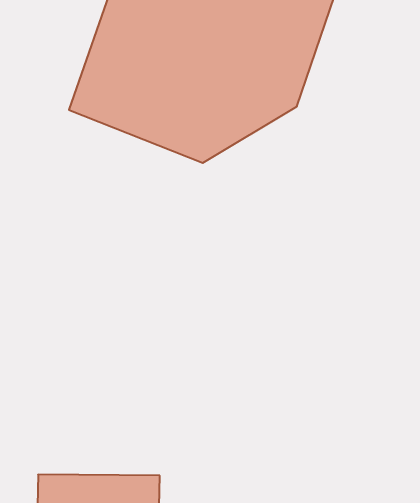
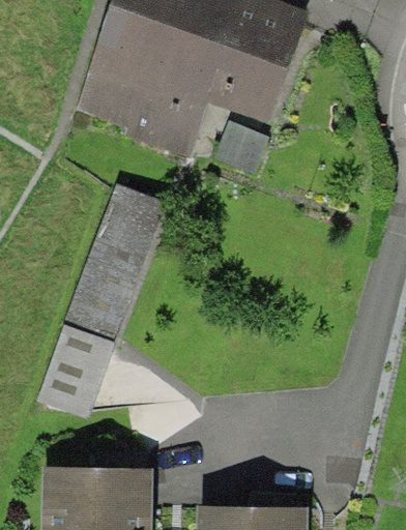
building: none -> [30,188,174,422]

